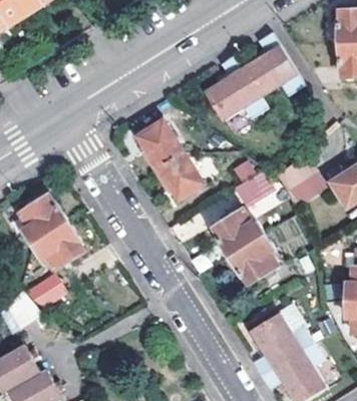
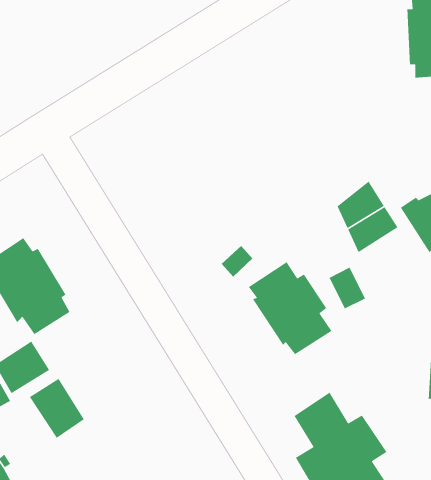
building: [201,33,302,122] -> none
building: [142,119,205,197] -> none
building: [235,169,275,209] -> none
building: none -> [29,378,85,439]

